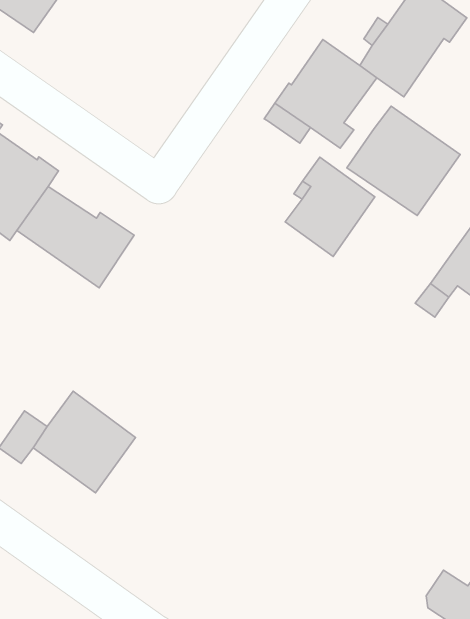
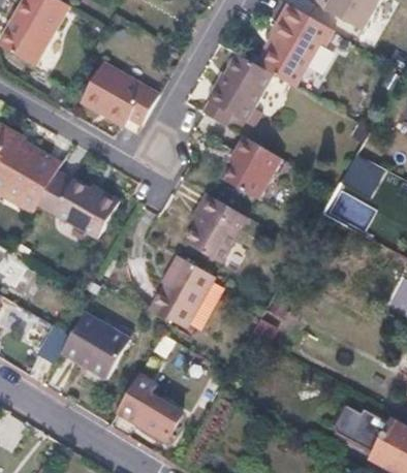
building: none -> [82,62,157,124]
building: [347,106,460,215] -> none
building: none -> [183,193,246,264]
building: none -> [148,256,213,326]
building: none -> [121,387,182,439]

